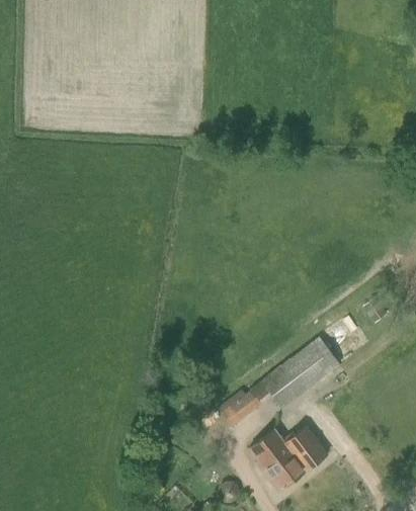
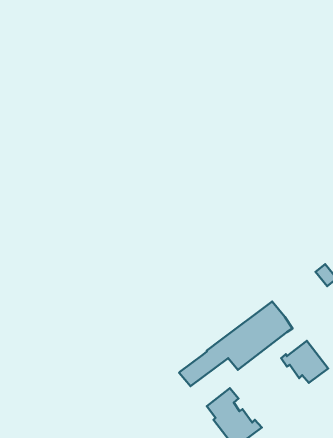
building: [278,425,328,470] -> [281,341,328,383]

